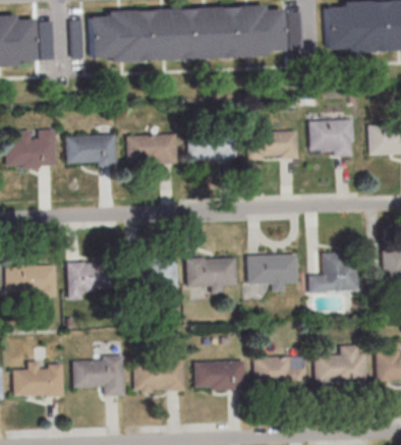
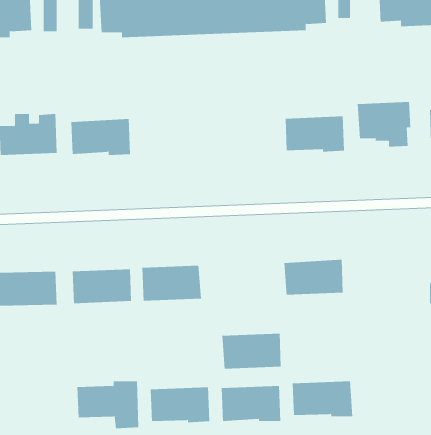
building: [126,132,177,163] -> none
building: [187,133,236,161] -> none
building: [308,252,357,292] -> none
building: [185,256,236,286] -> [221,333,282,369]
building: [314,353,365,385] -> none
building: [11,366,63,396] -> none

